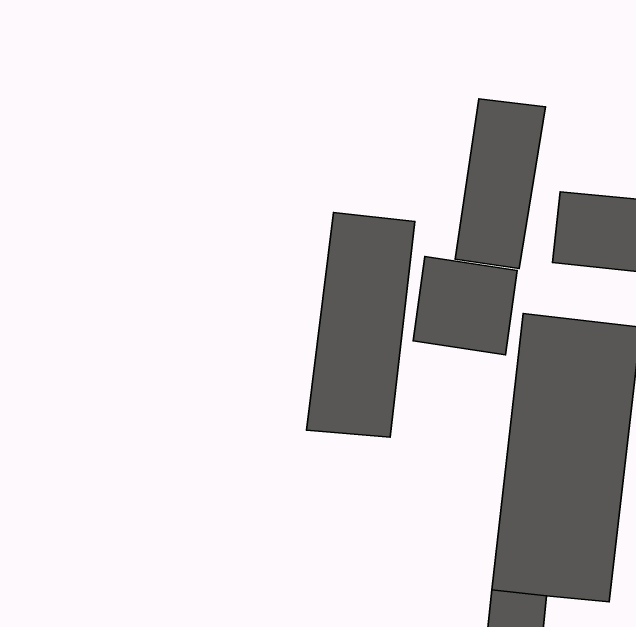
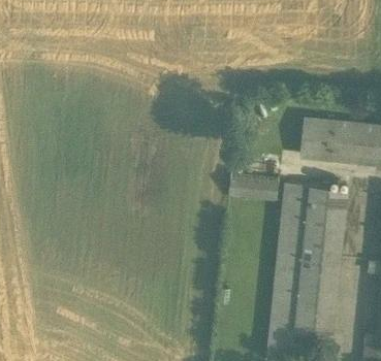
building: [455,99,545,269] -> none
building: [306,213,415,437] -> none

